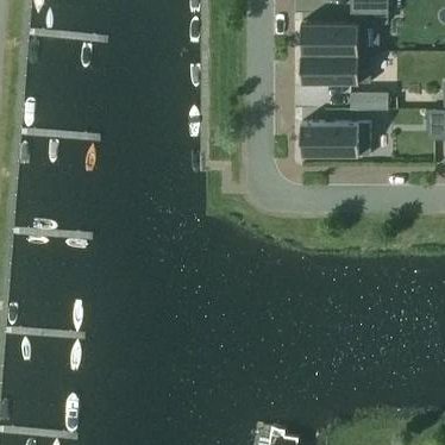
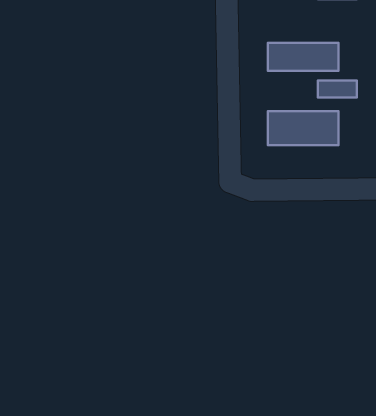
building: [301,24,370,57] -> none

